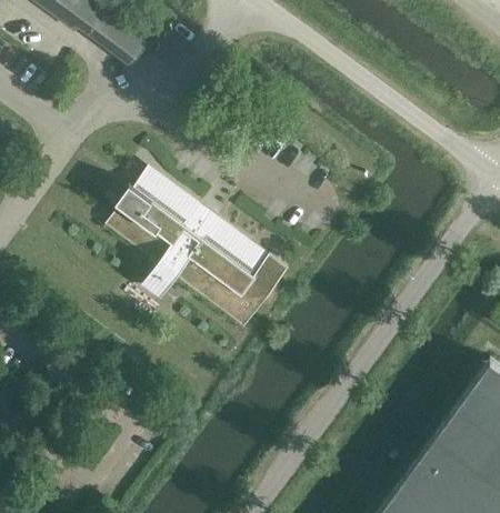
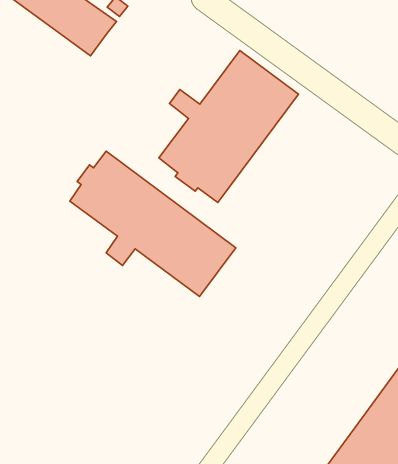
building: none -> [159,51,299,203]

